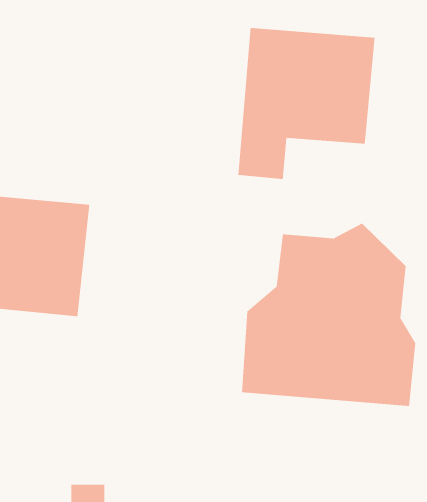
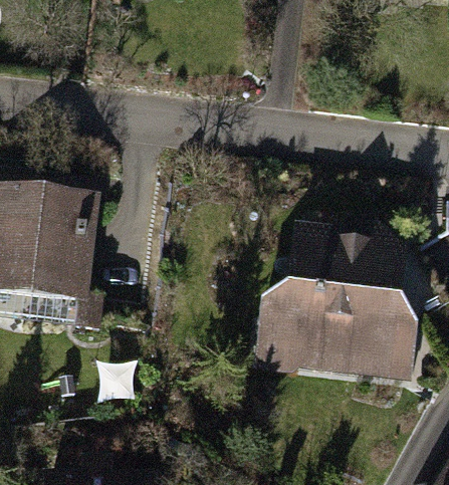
building: [238,27,375,180] -> none

